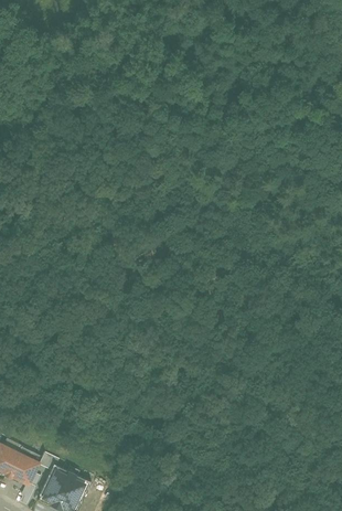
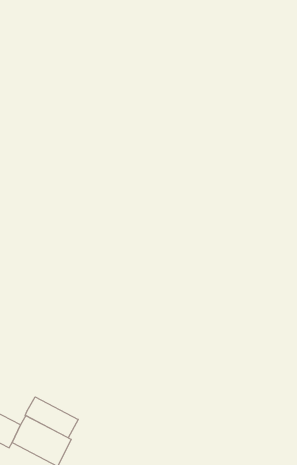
building: none -> [25,397,78,438]

